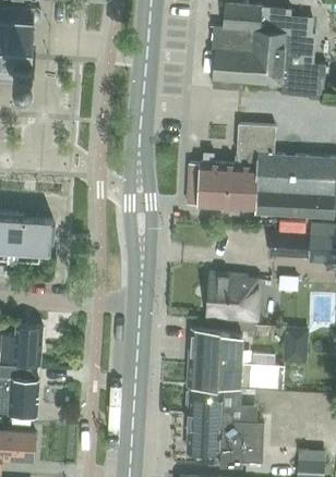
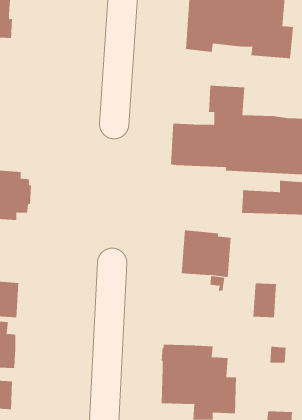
building: [187,330,283,390] -> none

